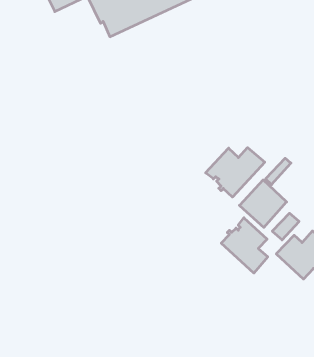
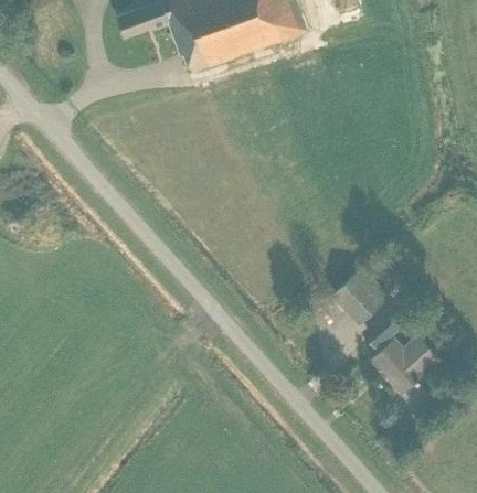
building: [206,148,265,197] -> none
building: [221,218,268,273] -> none

